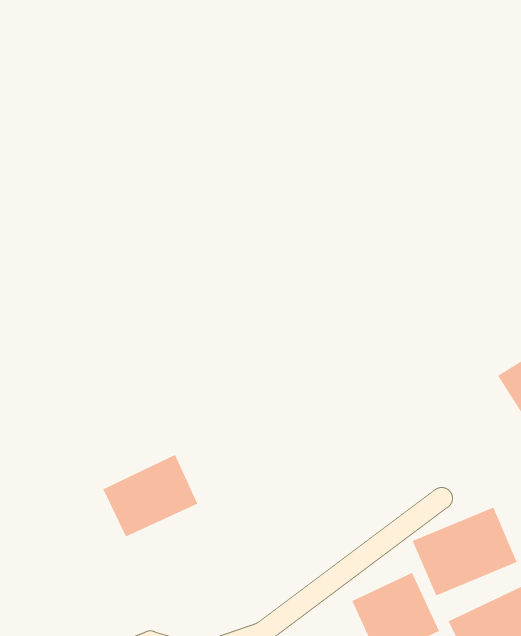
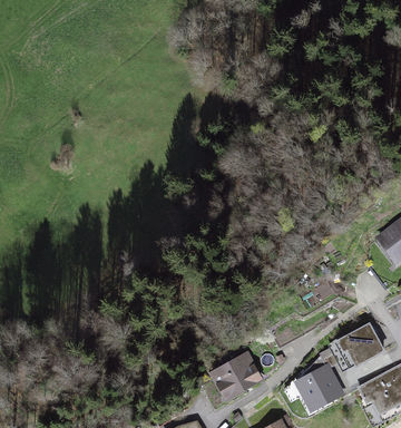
building: [103,454,198,537] -> [204,348,263,401]

